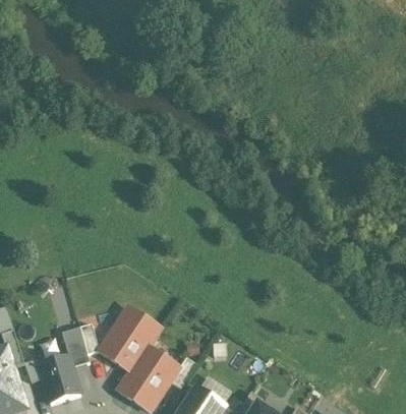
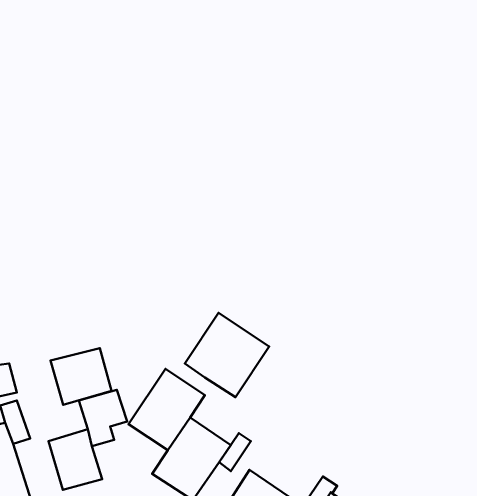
building: none -> [185,313,269,397]
building: none -> [51,348,112,405]

